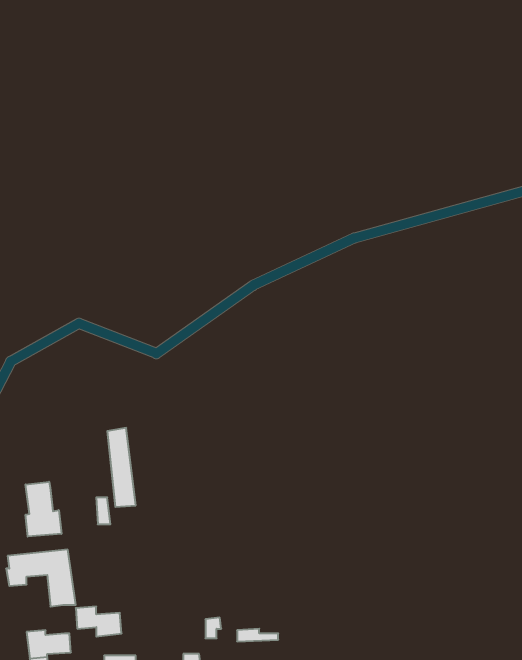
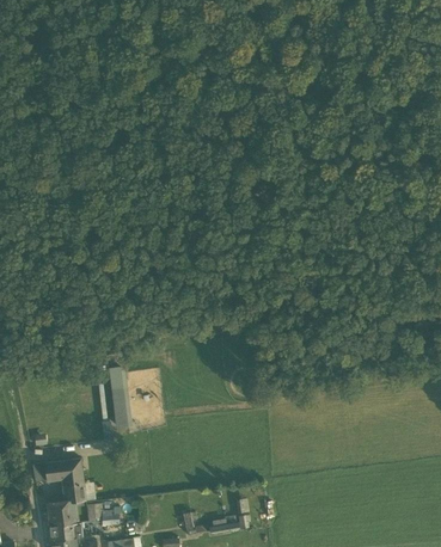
building: [26,482,61,537] -> none
building: none -> [45,502,76,524]

